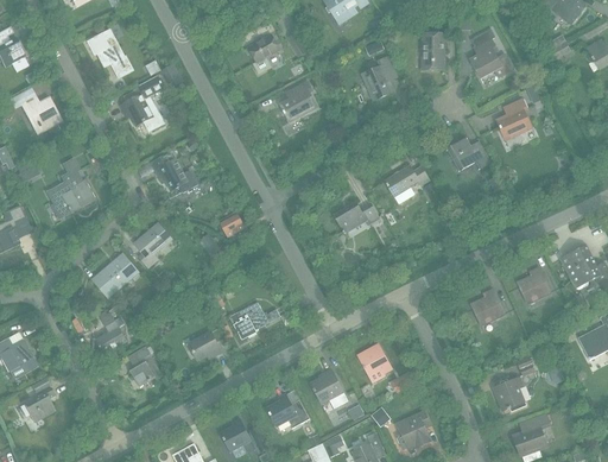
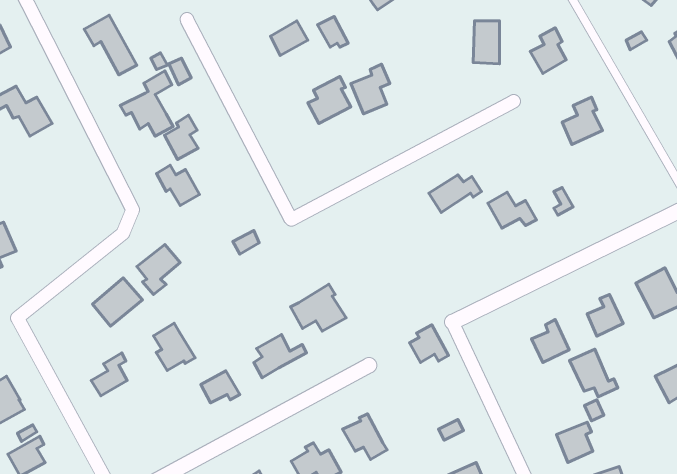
building: [362,56,395,99] -> [351,64,390,114]
building: none -> [165,115,198,160]
building: [449,138,490,169] -> [488,192,537,228]
building: [46,158,95,219] -> none
building: [335,201,380,232] -> none
building: none -> [291,284,346,331]
building: none -> [570,349,618,397]
building: [359,342,392,374] -> [409,325,448,362]
building: [128,344,164,385] -> [153,323,195,370]

